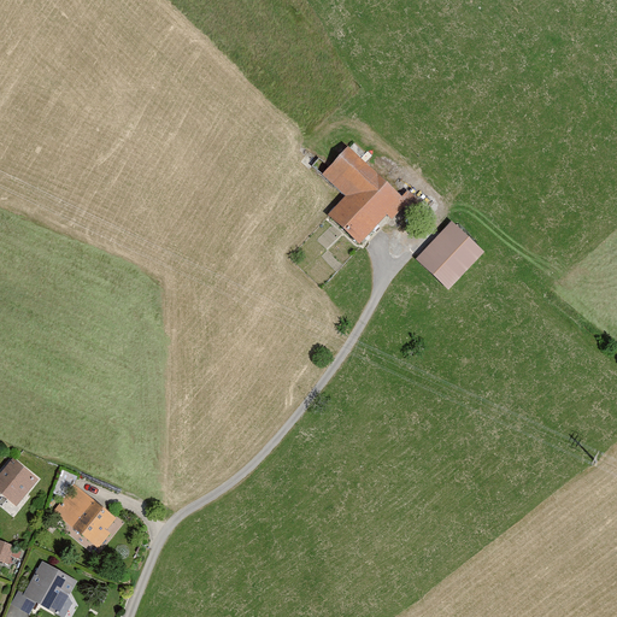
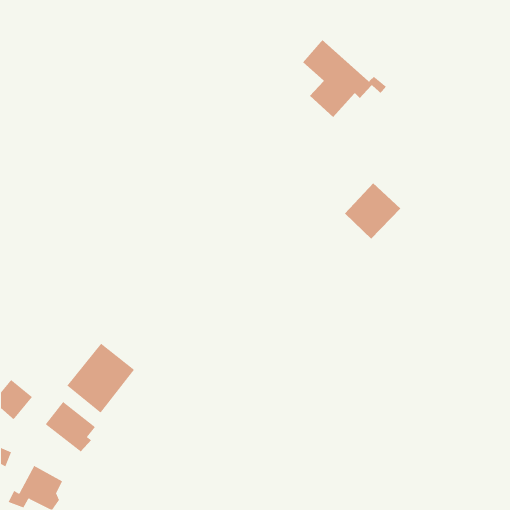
building: [322,146,424,241] -> [302,39,387,118]
building: none -> [67,343,135,414]

